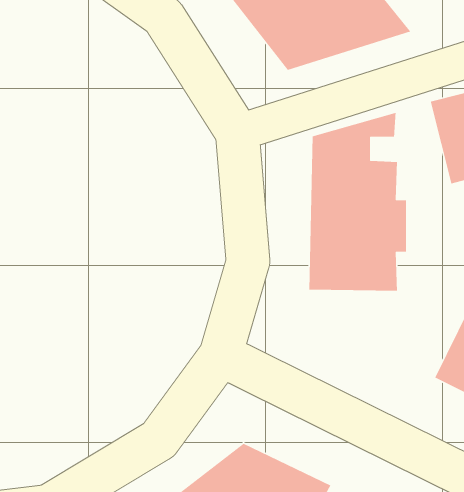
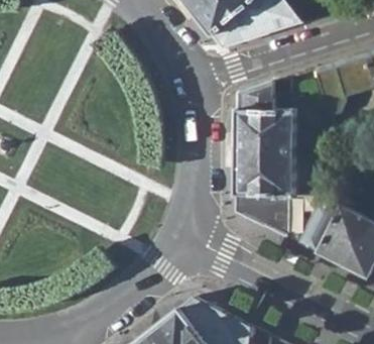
building: none -> [235,195,322,243]

